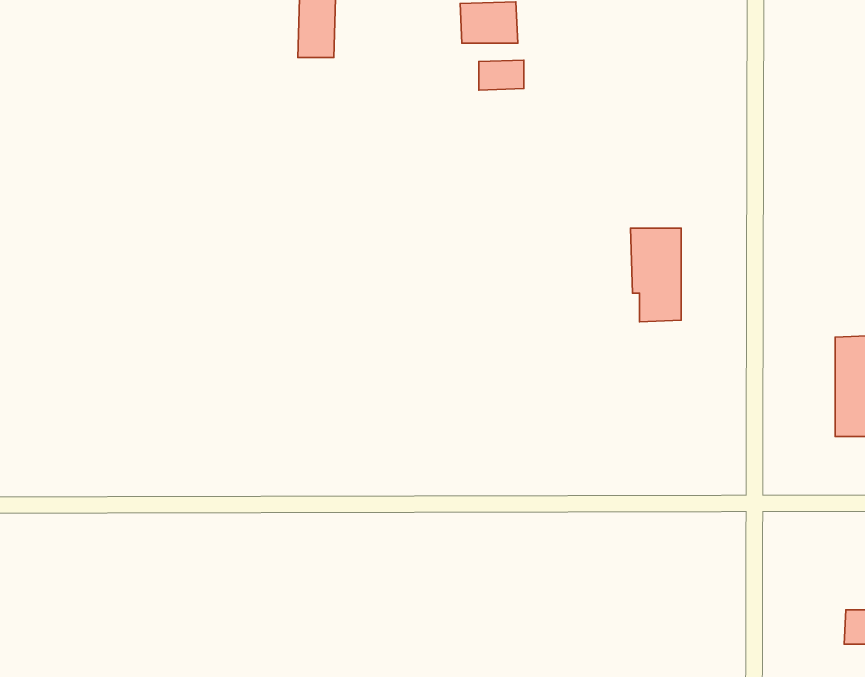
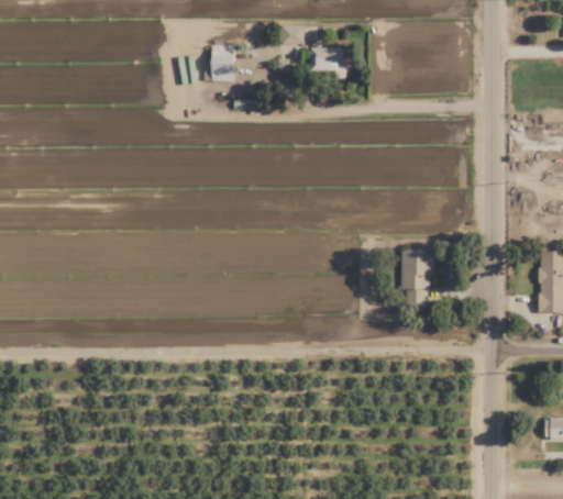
building: [479,60,524,90] -> none
building: [631,228,681,322] -> [400,249,431,307]

